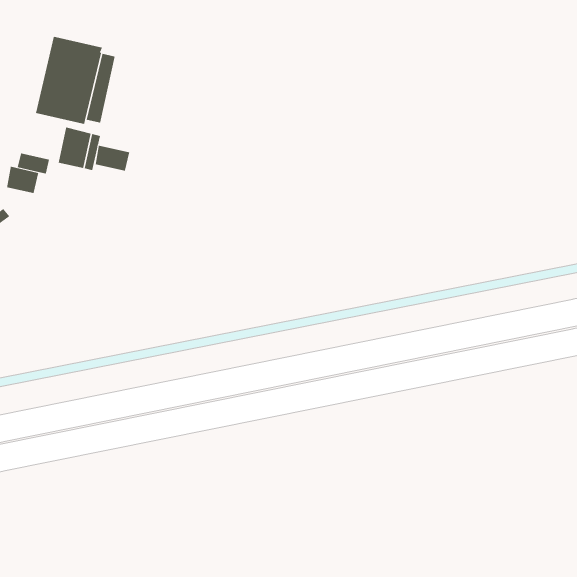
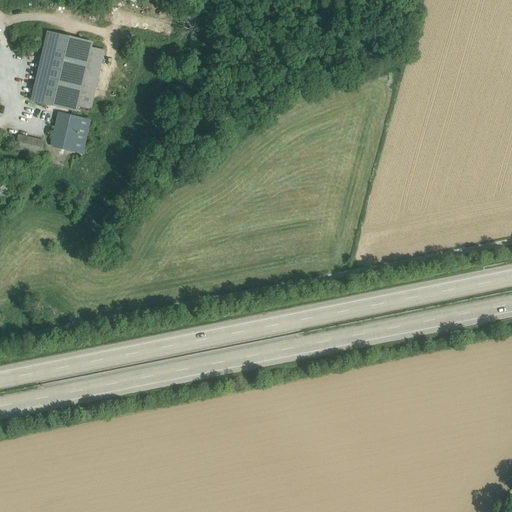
building: [95,145,130,171] -> none
building: [6,166,39,194] -> none

